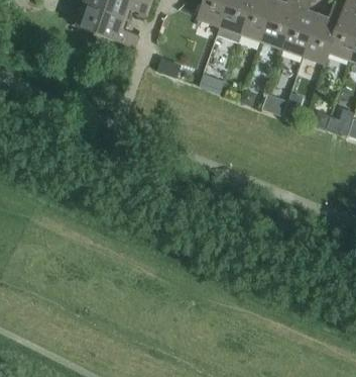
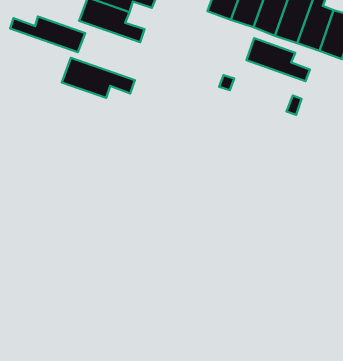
building: none -> [10,17,85,52]
building: none -> [246,38,310,81]
building: none -> [62,58,135,98]

